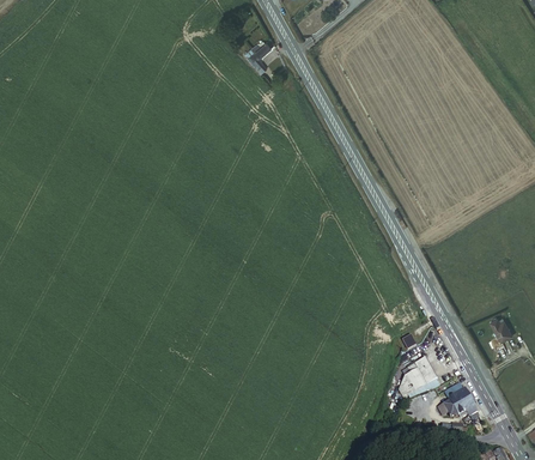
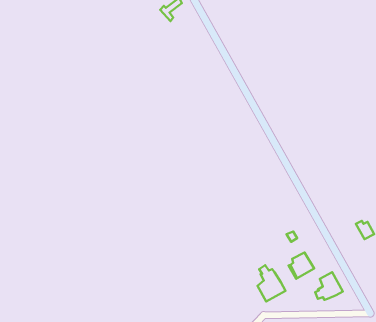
building: none -> [257,265,286,301]

